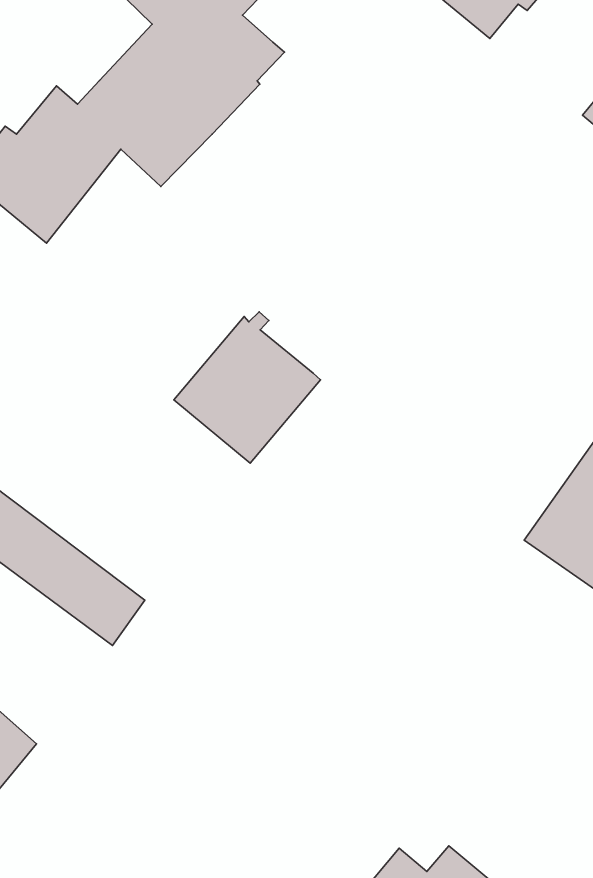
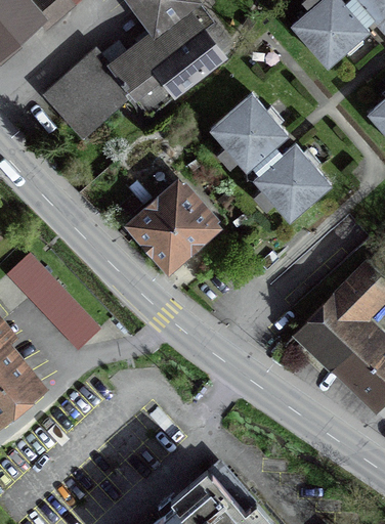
building: none -> [209,95,330,221]

